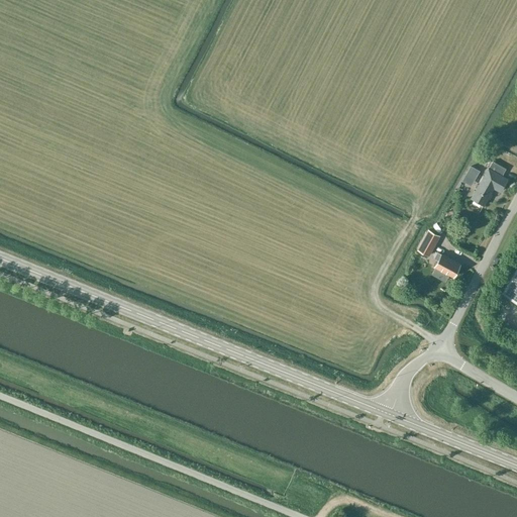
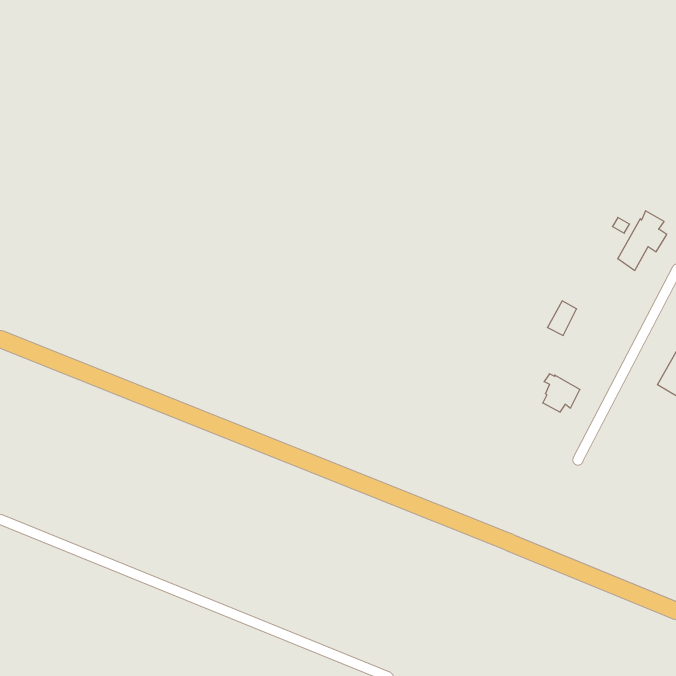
building: [433,252,461,282] -> [543,374,580,412]

